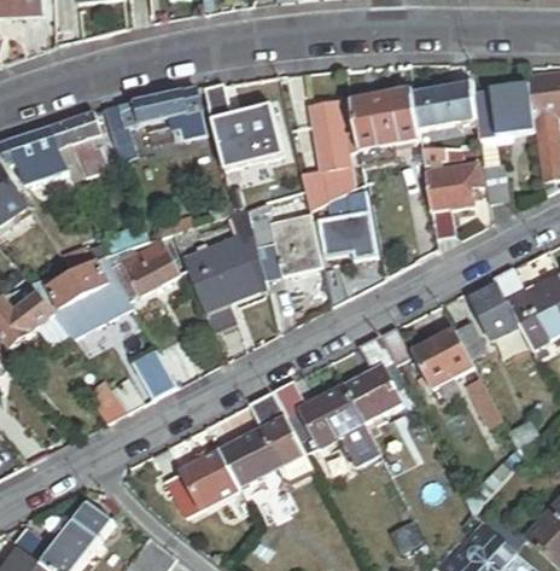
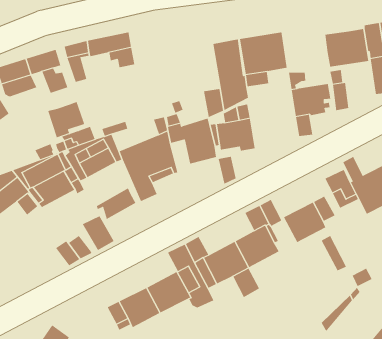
building: [412,86,473,128] -> none
building: [204,87,282,163] -> none
building: none -> [47,101,85,138]
building: none -> [96,188,136,220]

